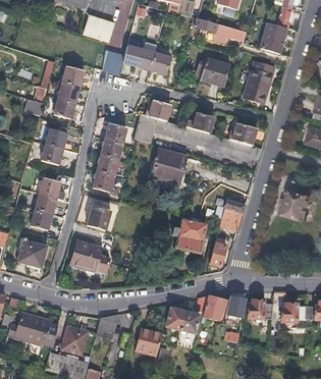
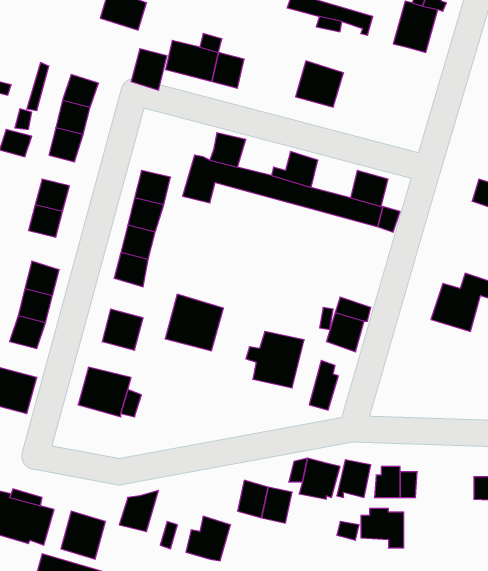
building: [244,61,275,104] -> none
building: [151,149,185,182] -> [165,294,223,351]
building: [281,304,307,327] -> [361,509,404,548]

